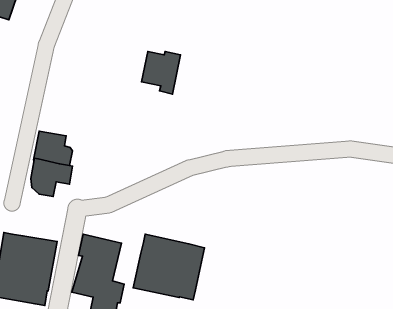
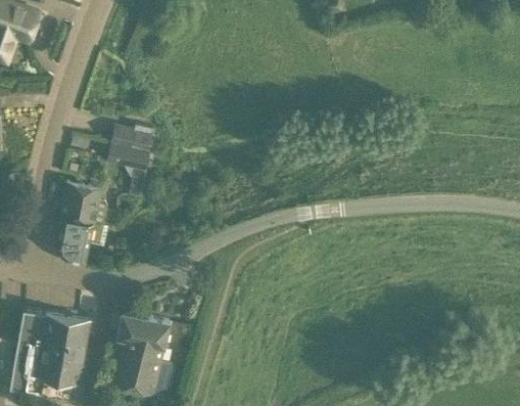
building: [141,51,181,94] -> [106,123,155,176]
building: [133,234,205,300] -> none

